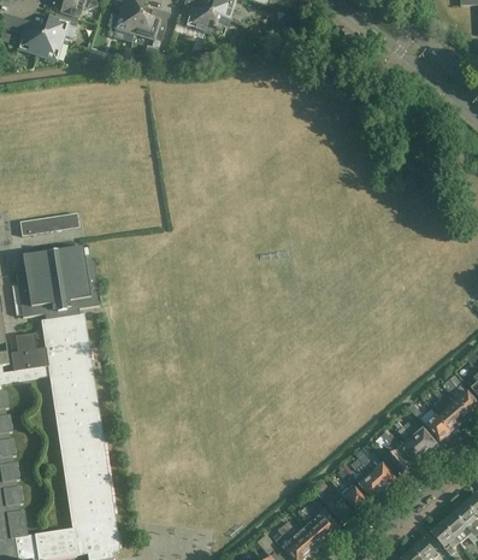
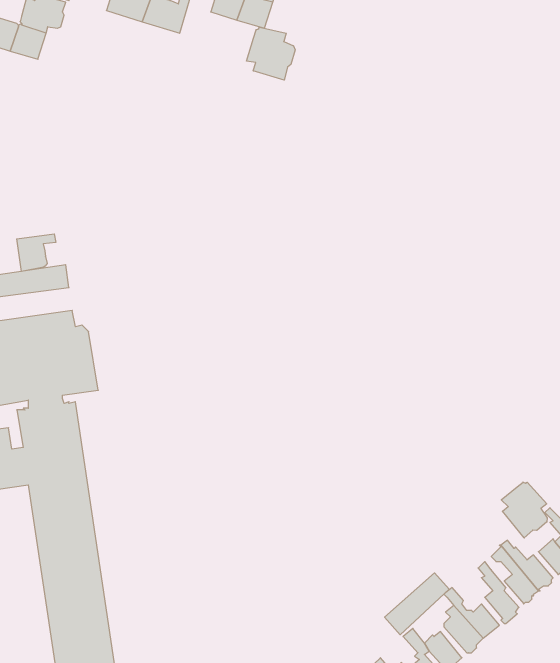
building: none -> [247,27,295,80]
building: none -> [17,234,56,271]
building: none -> [501,482,547,538]
building: none -> [385,573,449,635]

